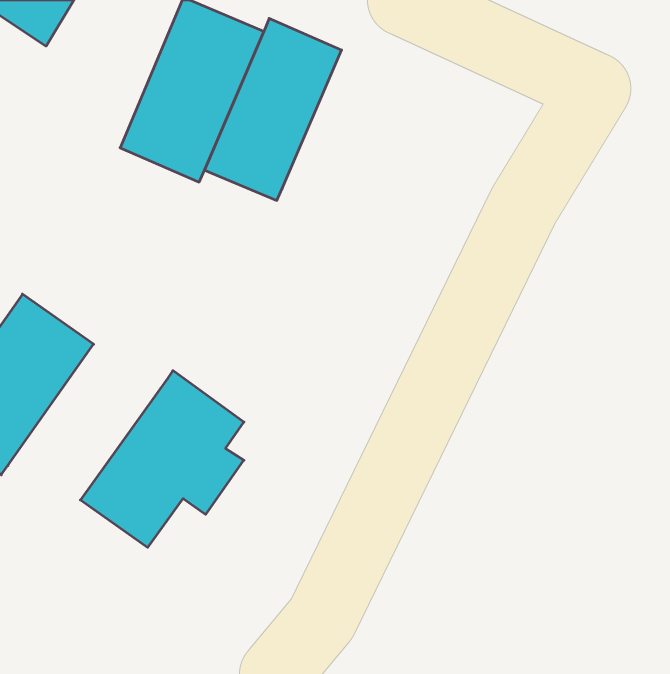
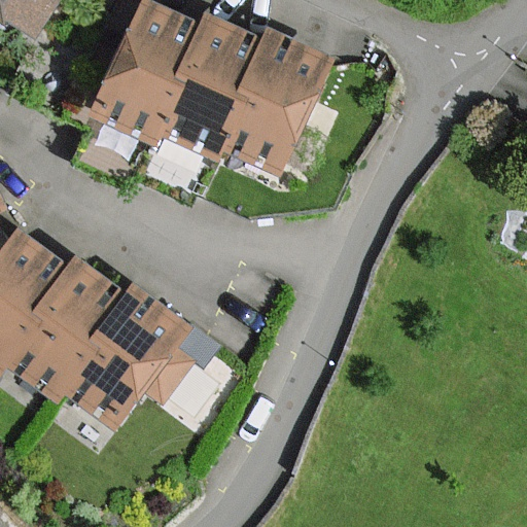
building: none -> [220,31,331,173]
building: none -> [6,259,131,399]

